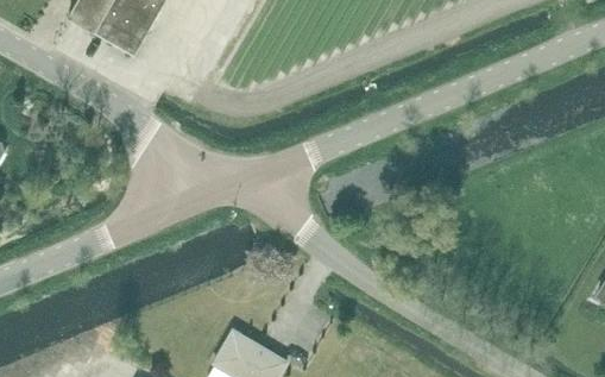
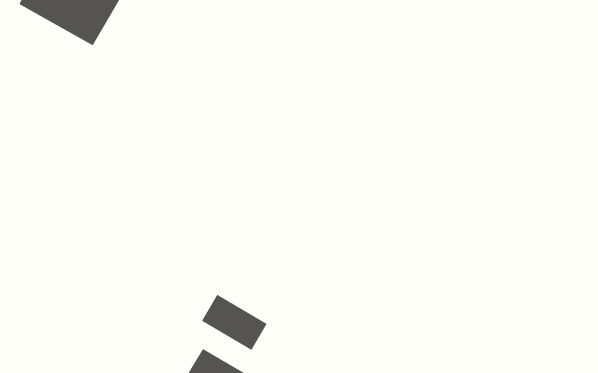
building: none -> [201,294,268,351]

